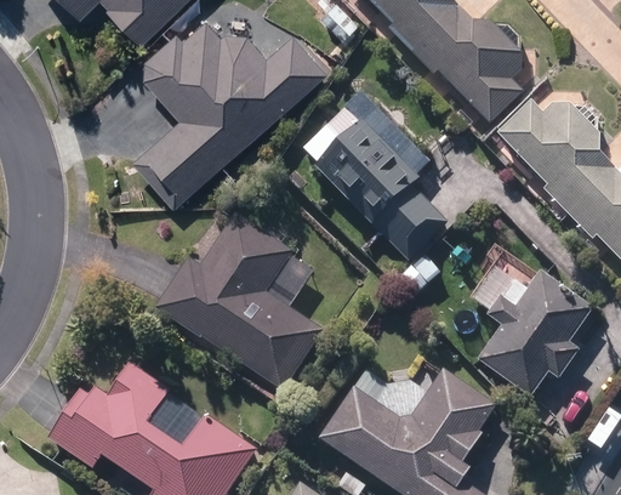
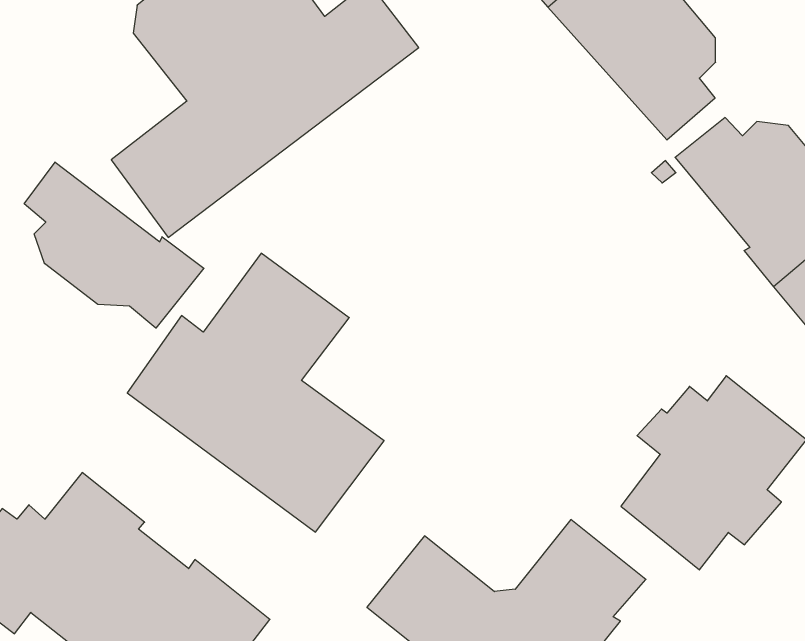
building: [303,121,448,258] -> none
building: none -> [24,162,204,328]

